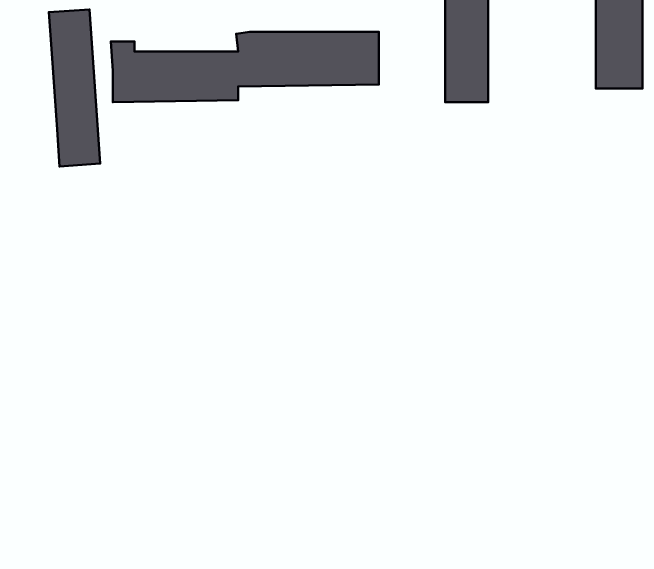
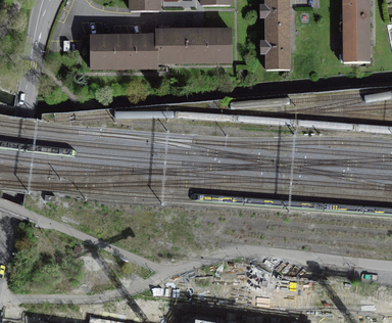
building: [49,9,100,166] -> none

